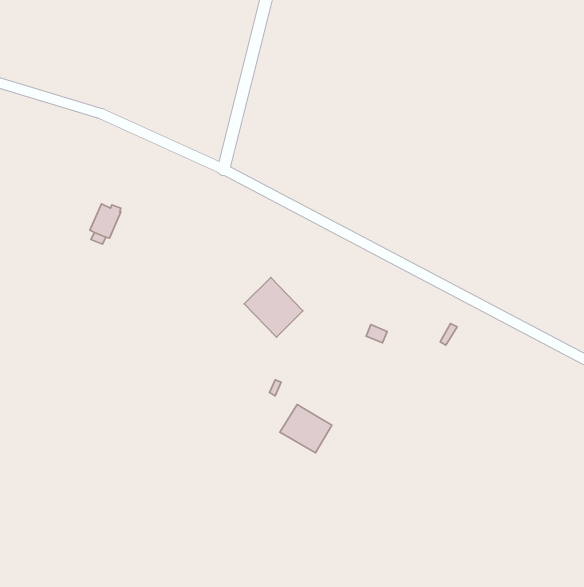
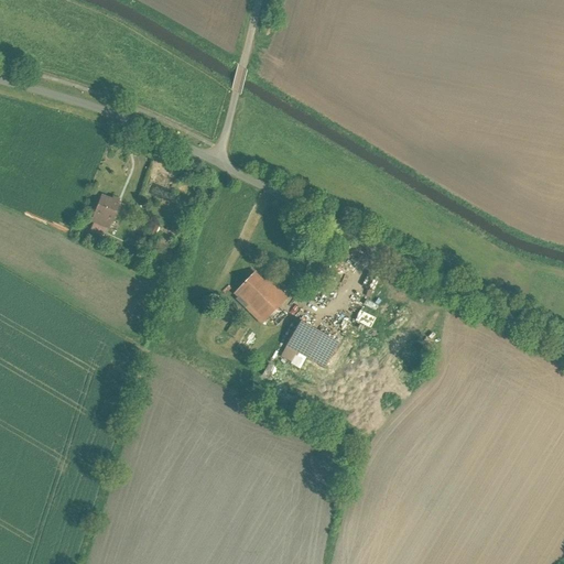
building: [280,405,332,453] -> [288,322,337,368]

